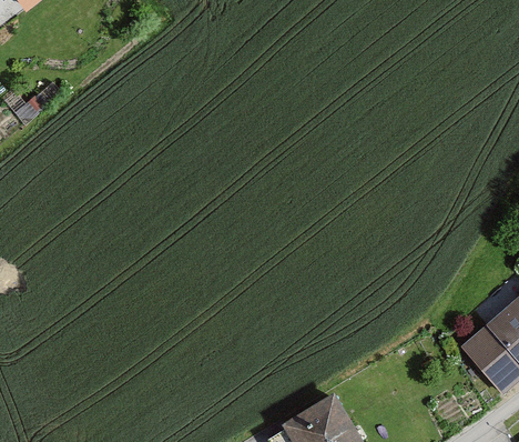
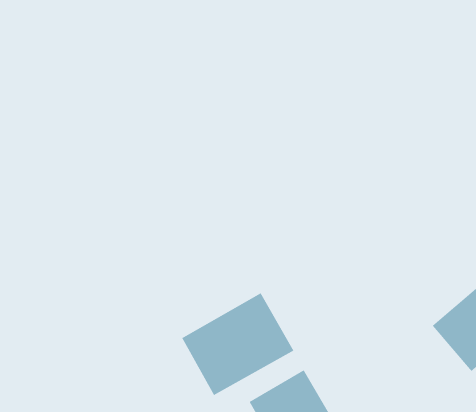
building: none -> [182,292,294,396]

